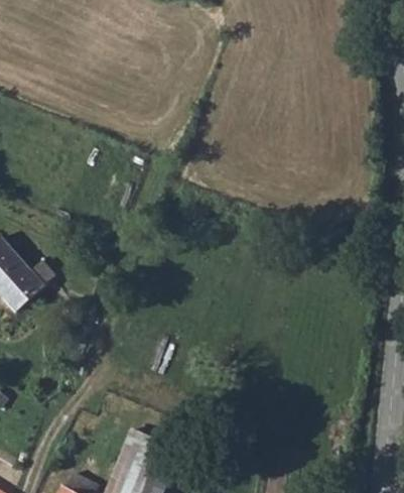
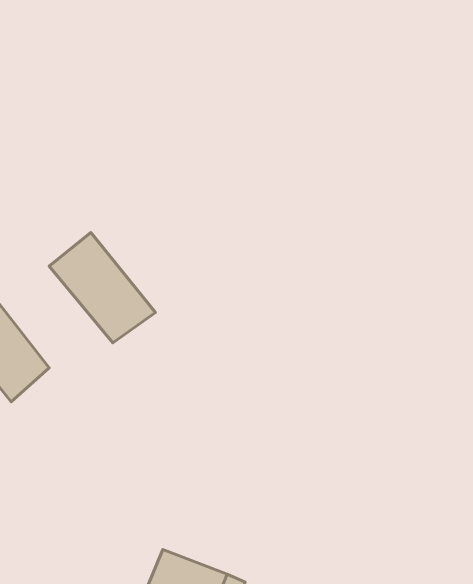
building: none -> [49,233,156,343]

